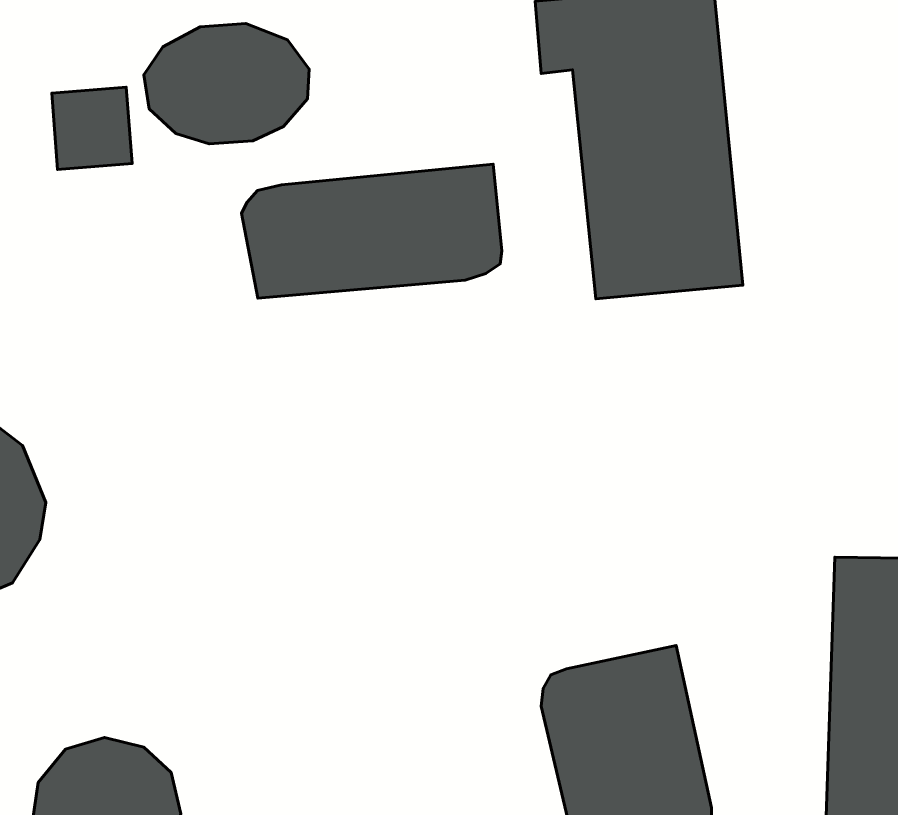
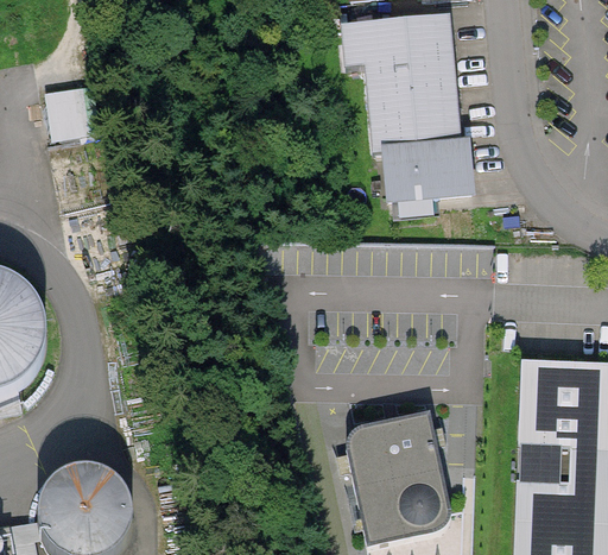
building: [144,23,309,144] -> none
building: [242,164,502,298] -> none

